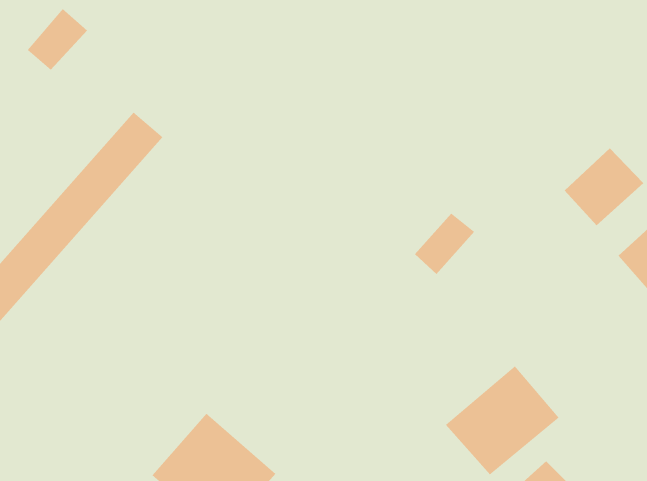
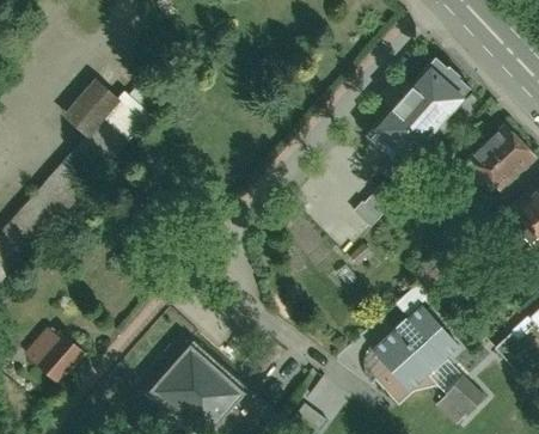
building: [27,8,88,70] -> [67,80,116,130]
building: none -> [363,53,471,164]
building: none -> [31,332,79,381]

